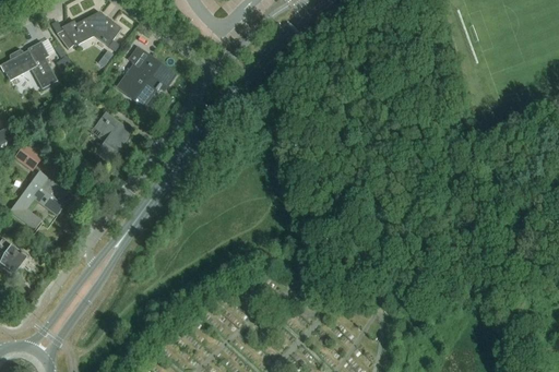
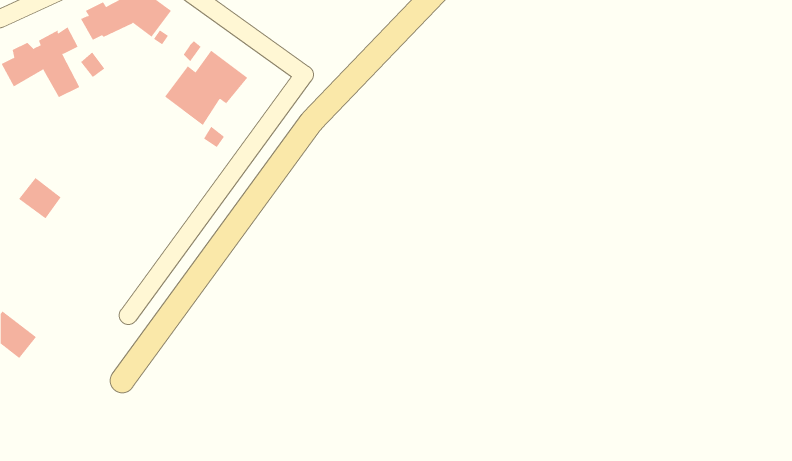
building: [93,111,132,165] -> none
building: [9,171,68,231] -> none

